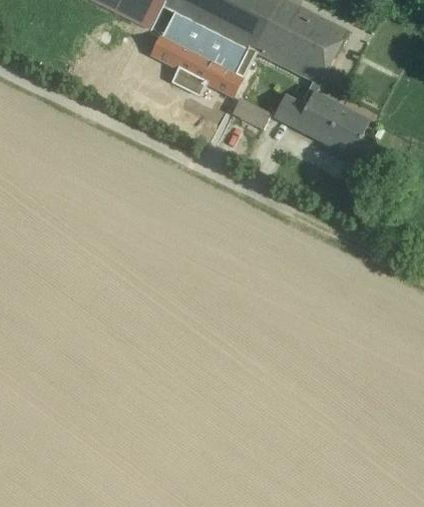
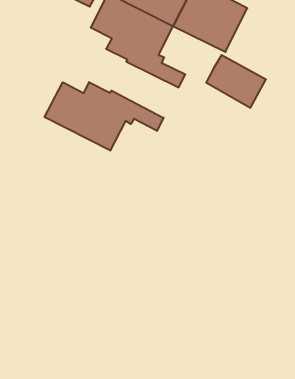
building: [273,91,305,121] -> none
building: none -> [45,82,164,151]

